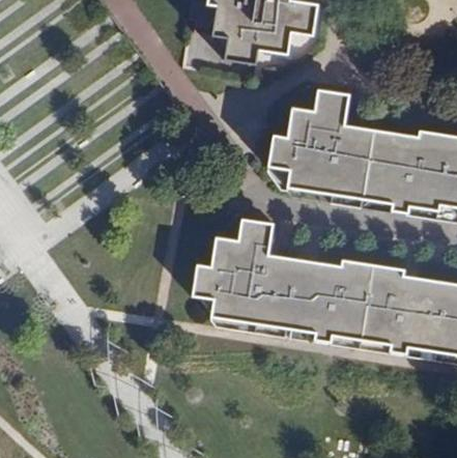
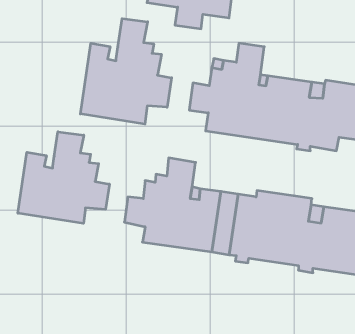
building: none -> [80,19,172,124]
building: none -> [18,132,109,223]

